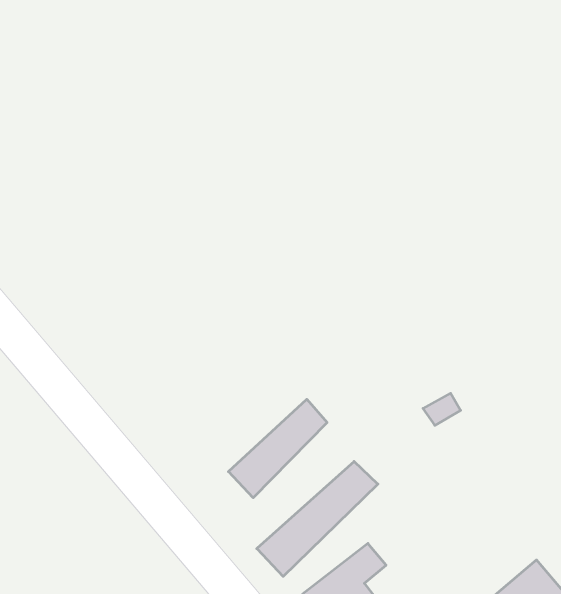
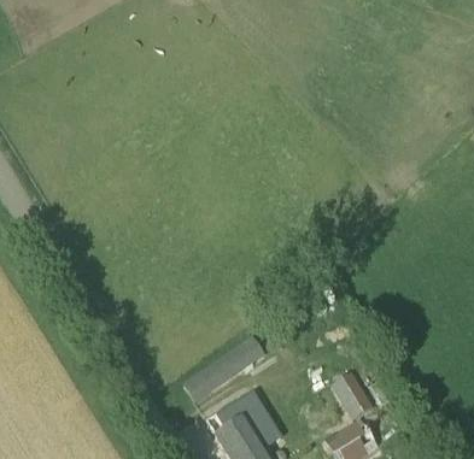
building: [228,399,327,498] -> none
building: none -> [332,372,374,419]

